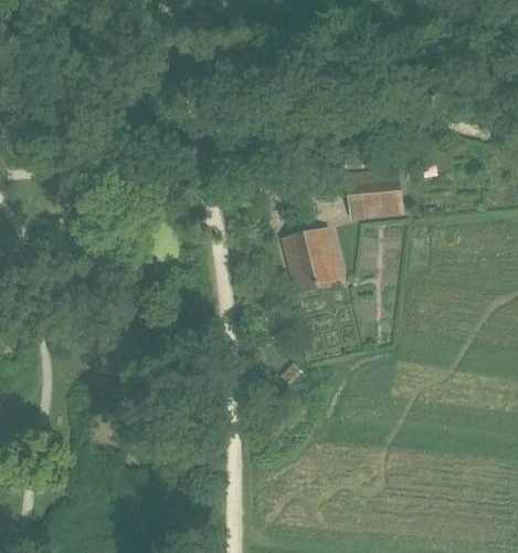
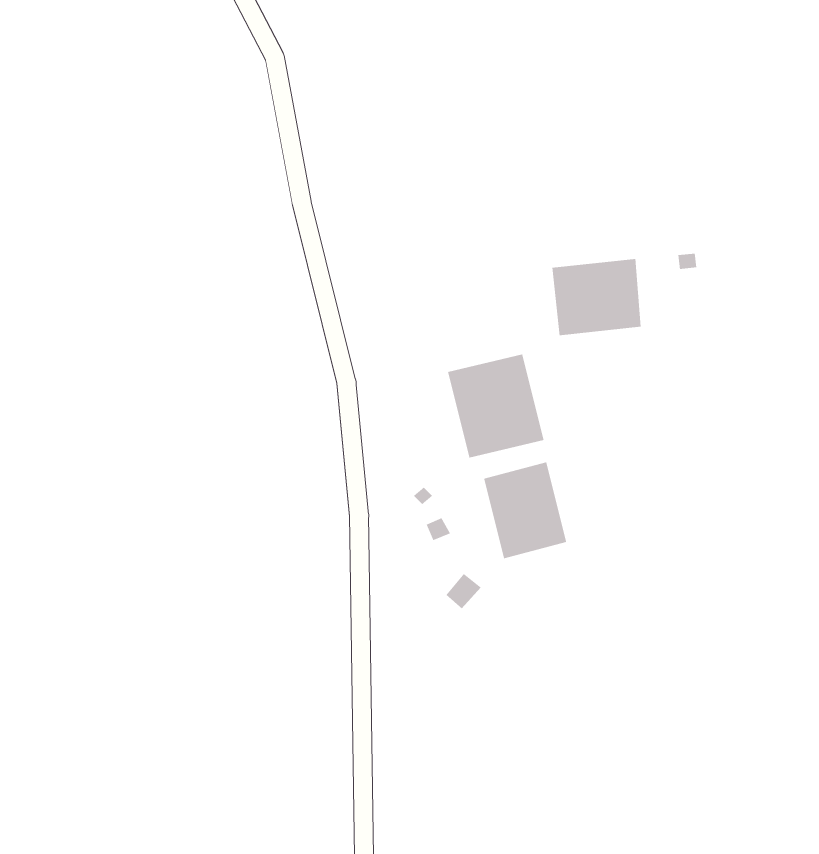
building: none -> [484,462,567,559]

